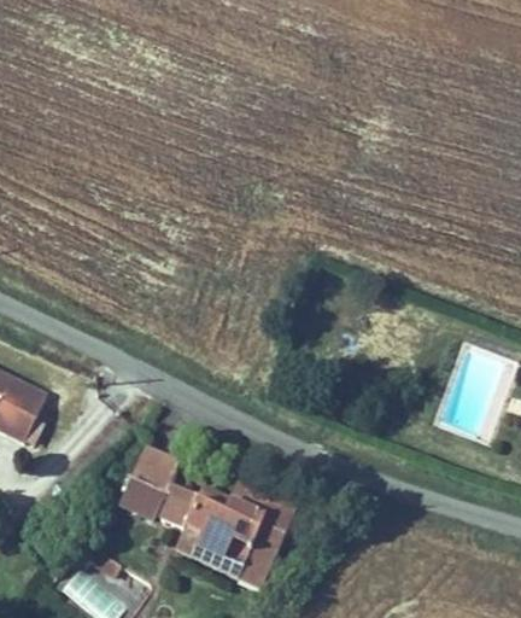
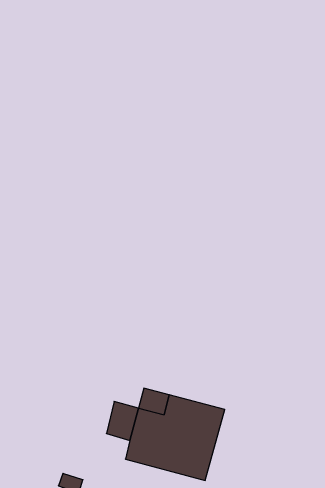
building: [118,445,181,523] -> none

